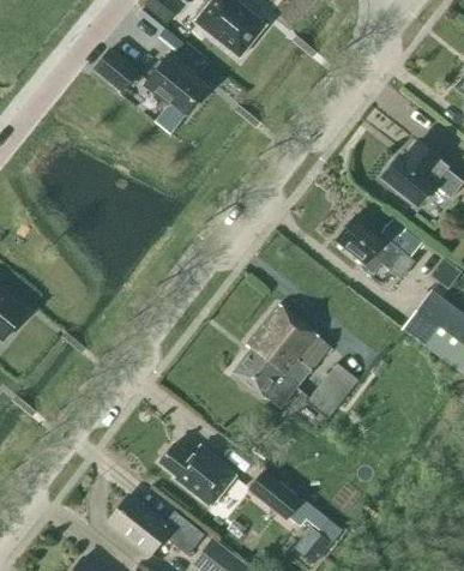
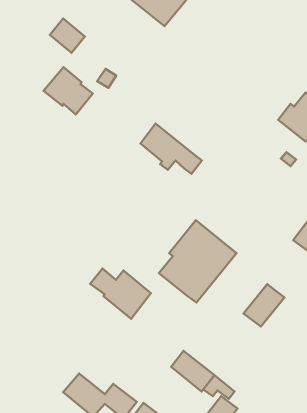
building: [145,55,207,115] -> [44,67,93,114]
building: [337,216,415,280] -> [140,124,202,174]
building: [307,365,358,419] -> [244,284,284,327]
building: [159,444,236,507] -> [90,269,151,319]

